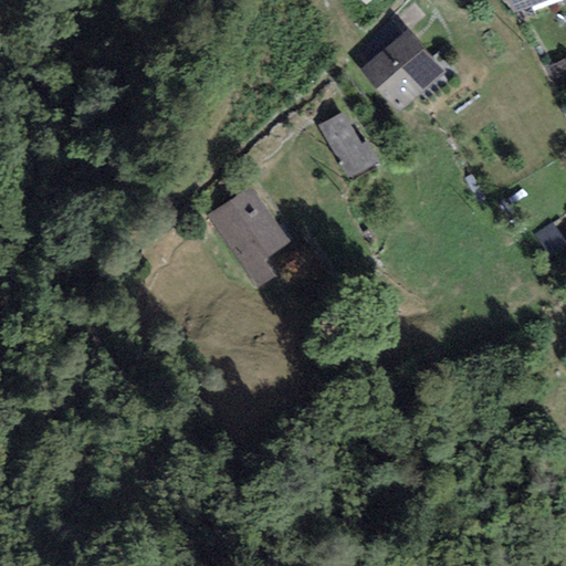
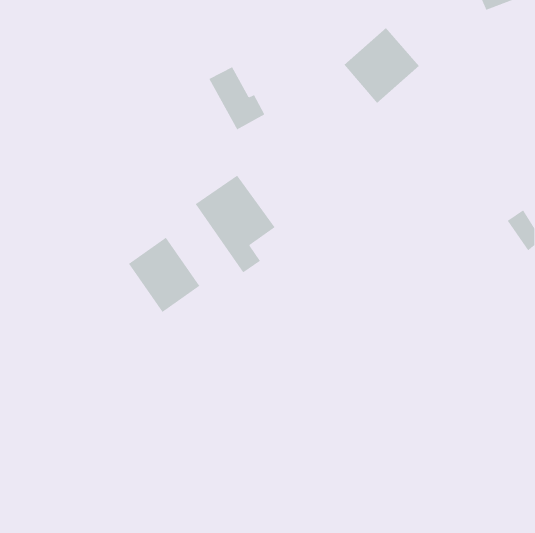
building: [318,109,378,177] -> [208,66,265,130]
building: none -> [128,237,200,313]

